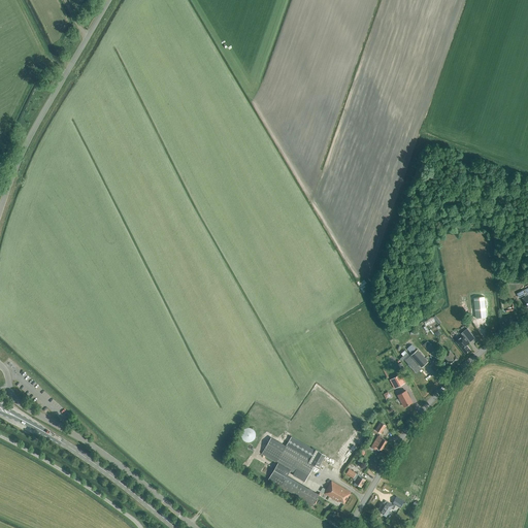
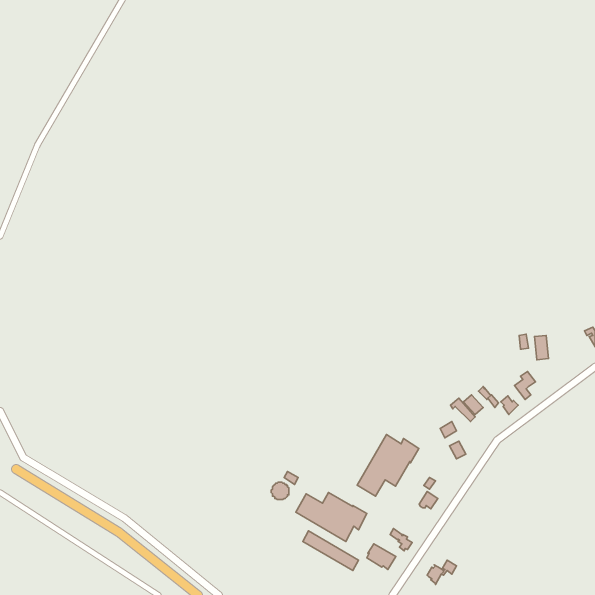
building: none -> [357,435,419,496]

